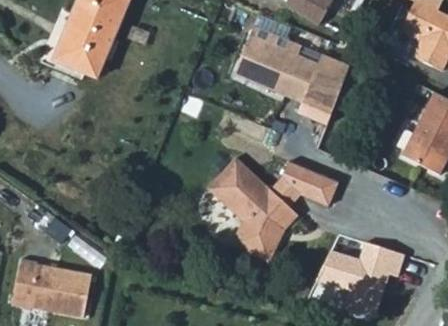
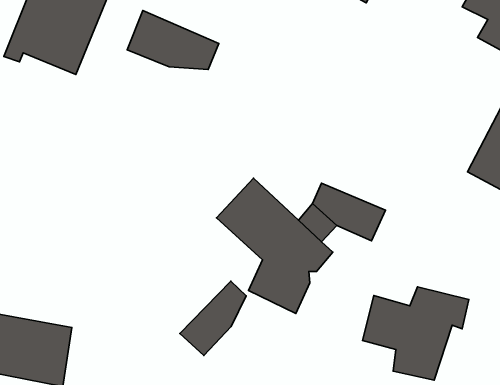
building: none -> [127,10,219,69]
building: [235,27,352,105] -> none
building: none -> [180,281,246,355]

